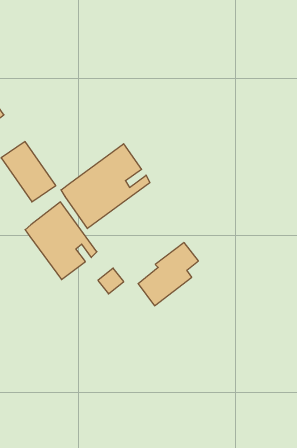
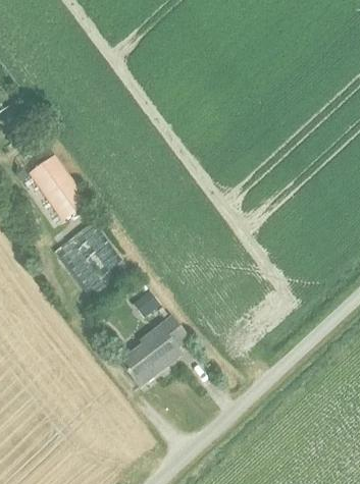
building: [61,144,150,229] -> none
building: [138,243,198,306] -> [122,318,187,385]

